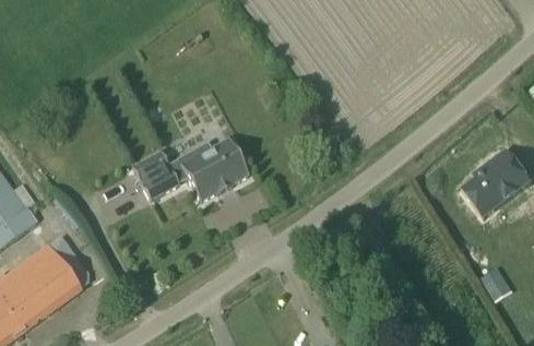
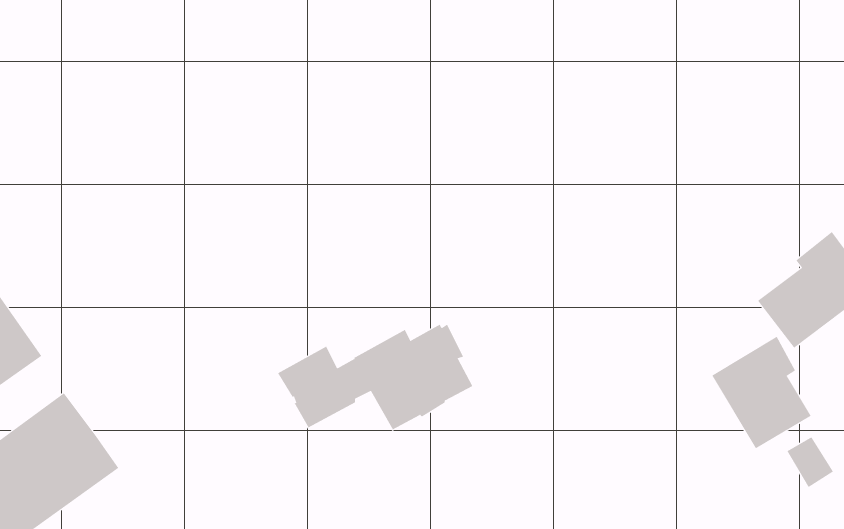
building: [132,138,249,201] -> [277,324,473,430]
building: none -> [712,336,812,449]

